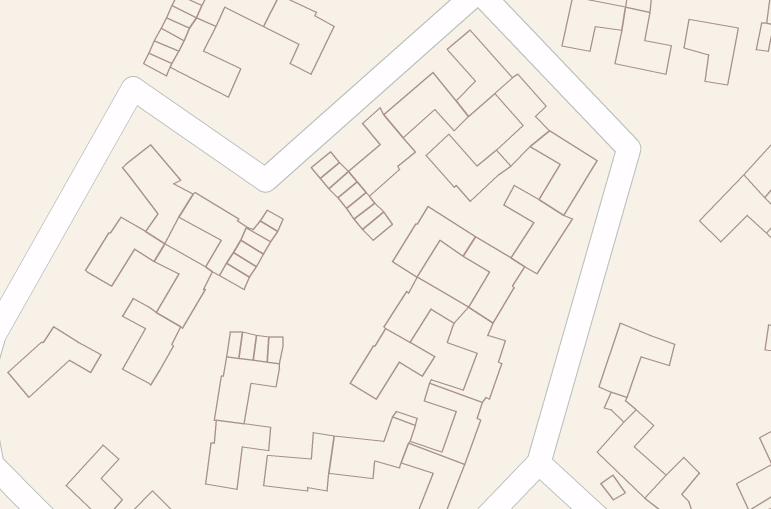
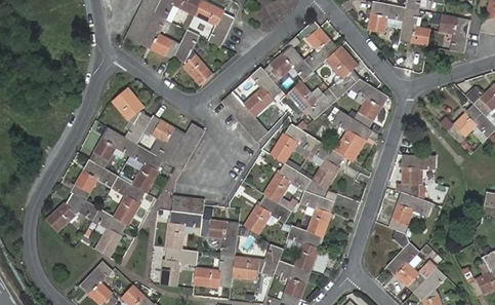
building: none -> [172,29,212,84]
building: none -> [400,154,435,197]
building: none -> [70,160,117,201]
building: none -> [92,208,126,258]
building: none -> [200,217,238,256]

